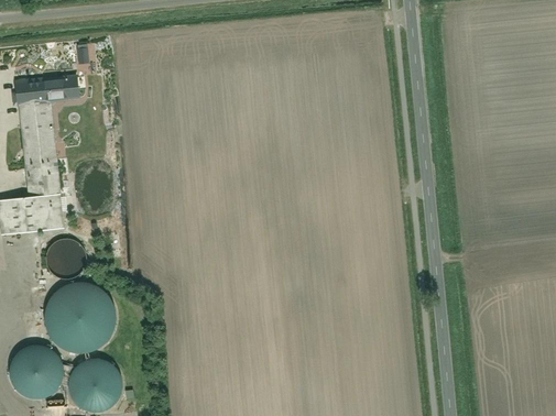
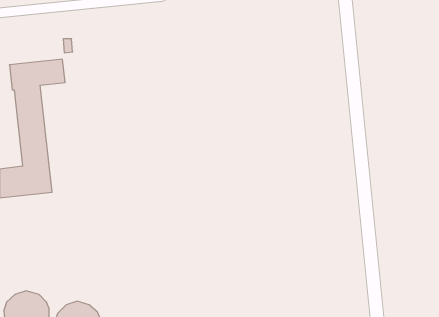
building: [44,239,86,278] -> none
building: [47,282,118,353] -> none

